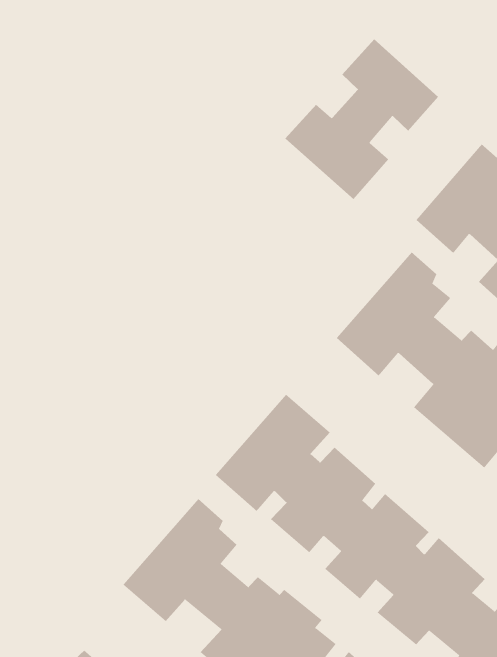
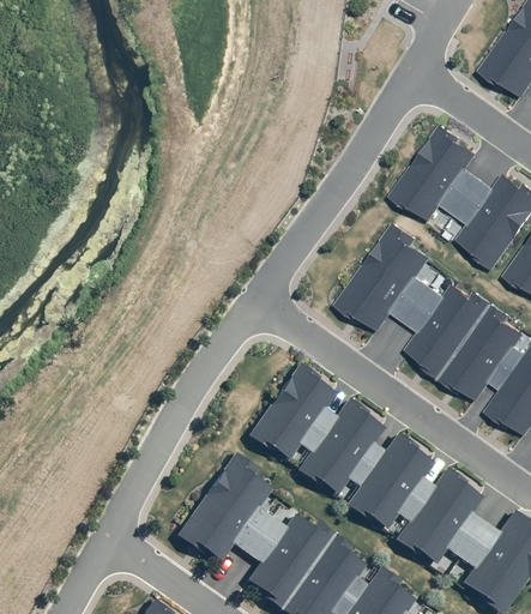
building: [285,38,439,200] -> none

